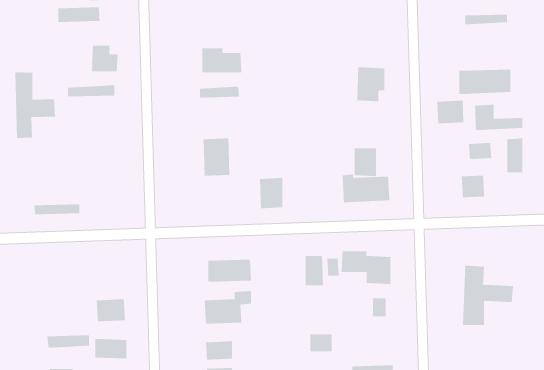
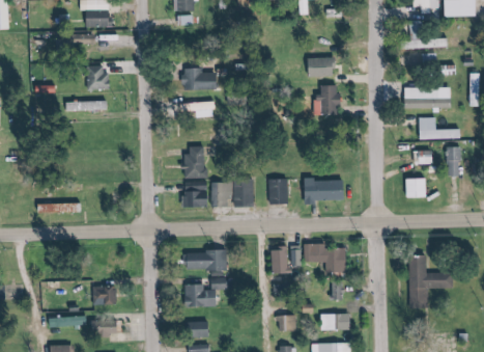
building: none -> [309,57,336,76]
building: [15,72,56,139] -> none
building: [437,100,464,124] -> none
building: [354,148,377,177] -> [267,179,287,204]
building: none -> [182,181,232,207]
building: none -> [319,314,349,329]

